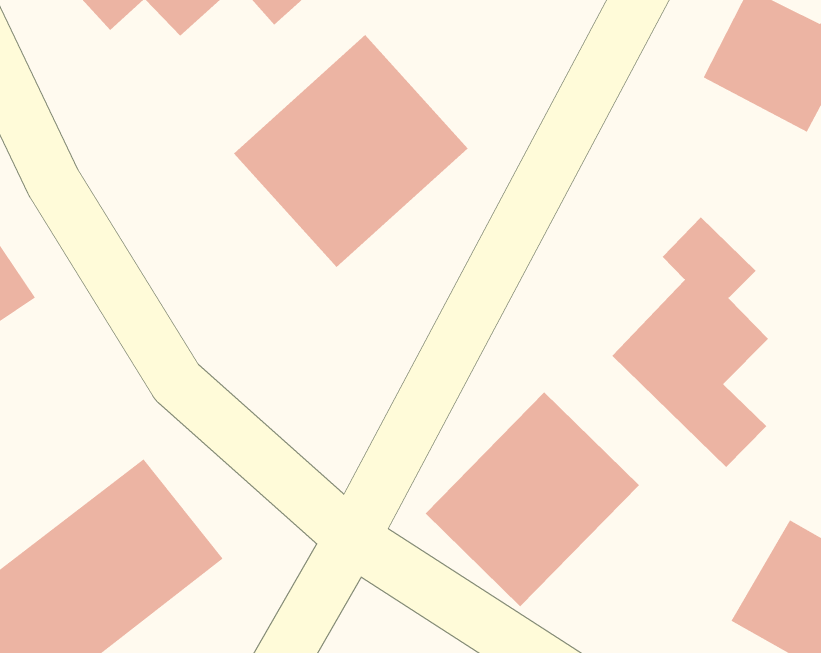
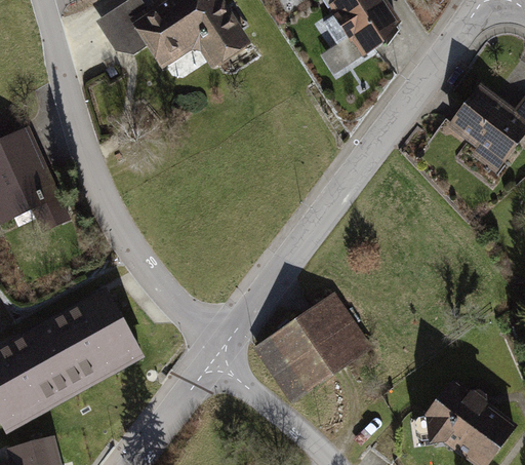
building: [233,34,468,268] -> none
building: [612,216,769,468] -> none

